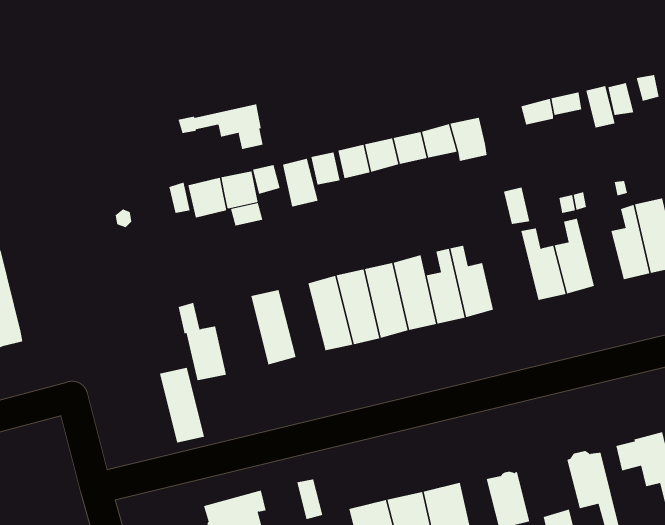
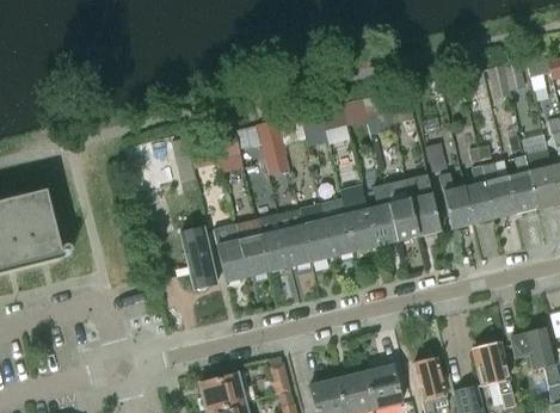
building: [178,103,263,150] -> none
building: none -> [481,164,516,217]
building: none -> [410,179,441,235]
building: none -> [256,215,290,271]
building: [159,367,205,443] -> [213,224,247,282]

